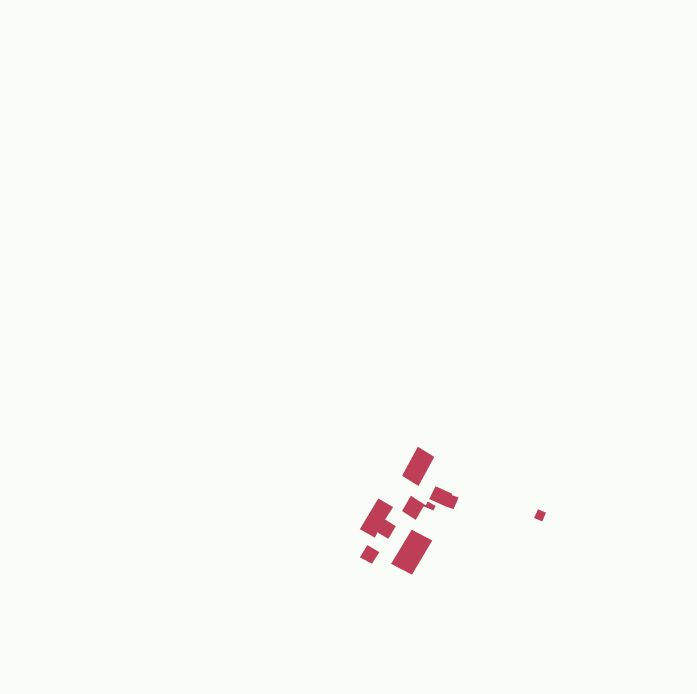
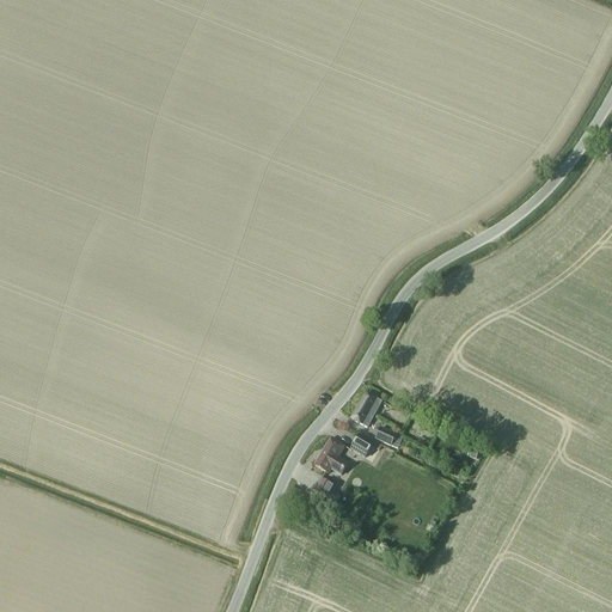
building: [390,529,433,576] -> none

